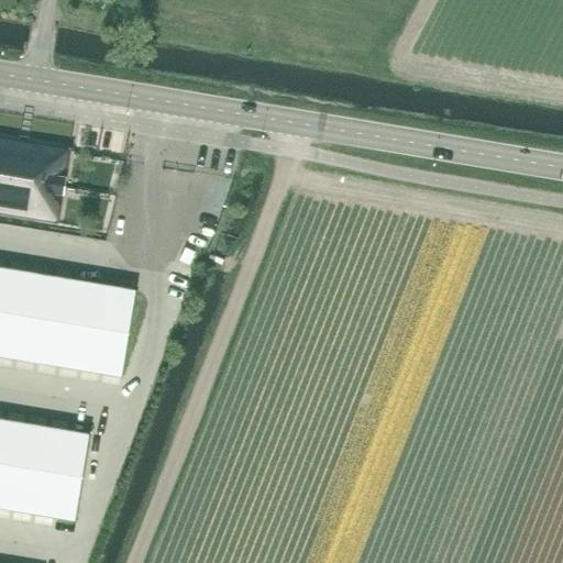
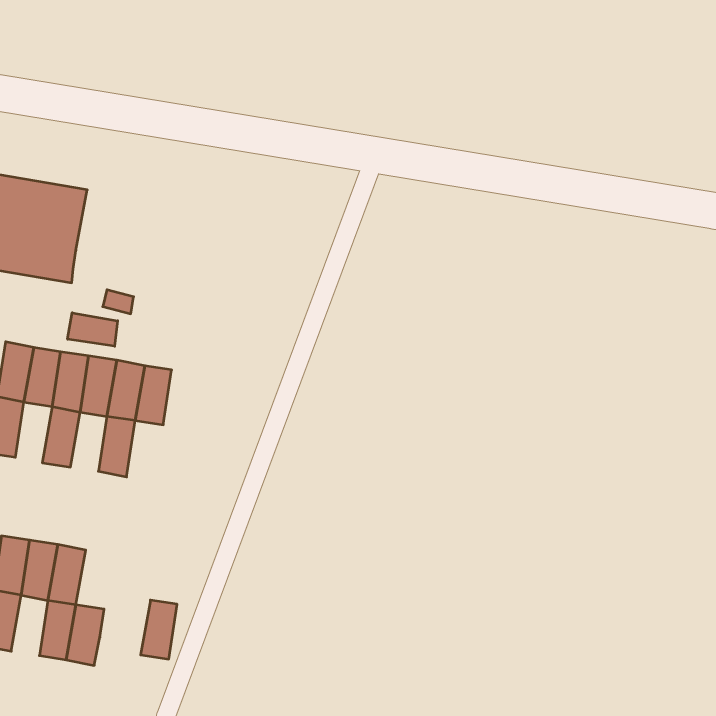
building: none -> [68,313,118,346]
building: [12,314,41,362] -> none
building: [55,322,84,368] -> none
building: [99,329,128,376] -> none
building: [59,430,88,476] -> [141,600,177,659]
building: [9,465,37,512] -> none

